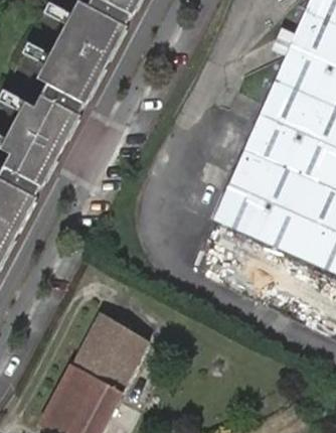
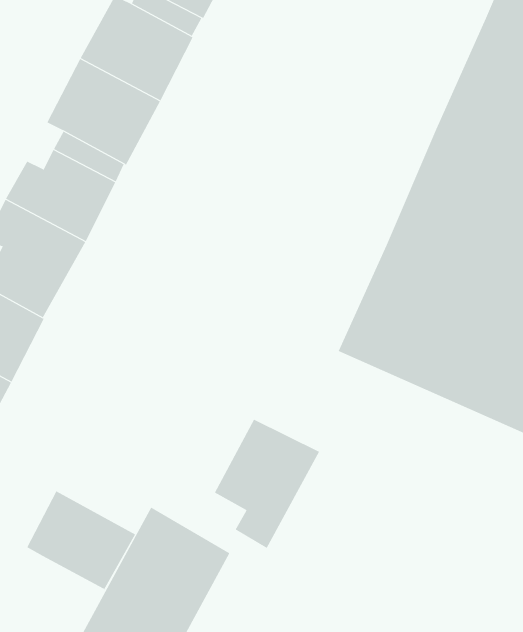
building: none -> [214,419,320,549]
building: none -> [27,491,136,590]

